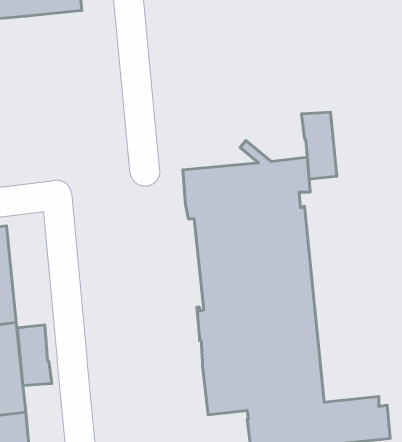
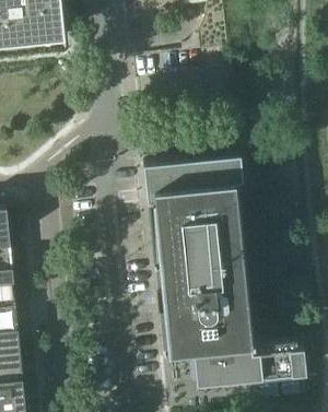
building: [302,112,337,179] -> none
building: [17,325,52,385] -> none

